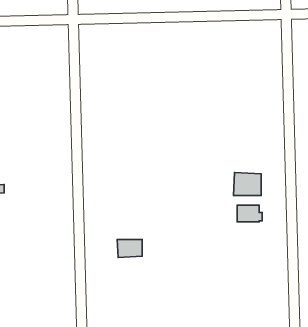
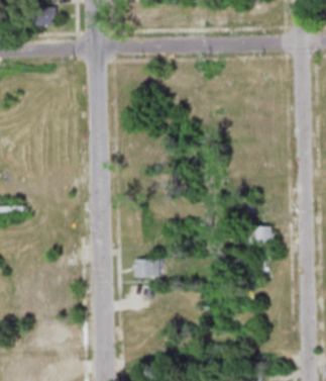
building: [233,173,261,195] -> none

